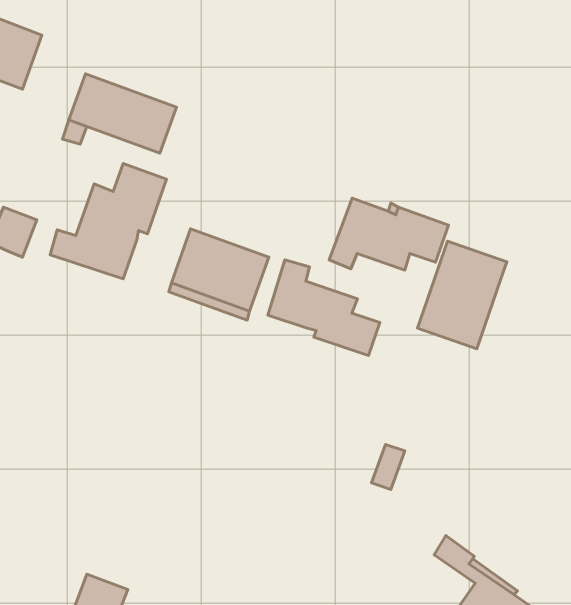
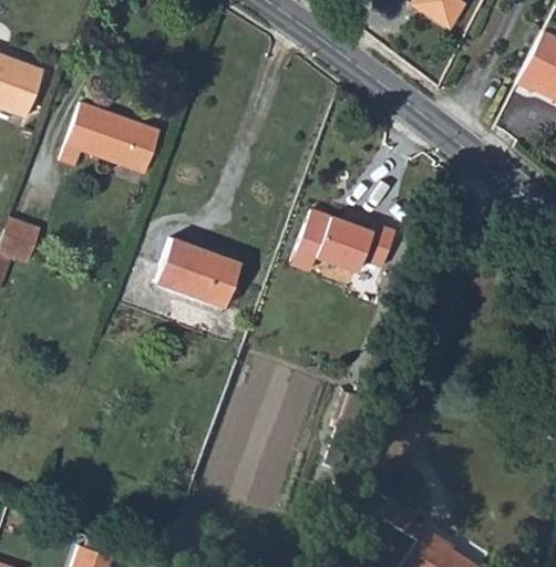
building: [50,163,166,279] -> none
building: [417,241,507,349] -> none
building: [268,260,380,355] -> none

